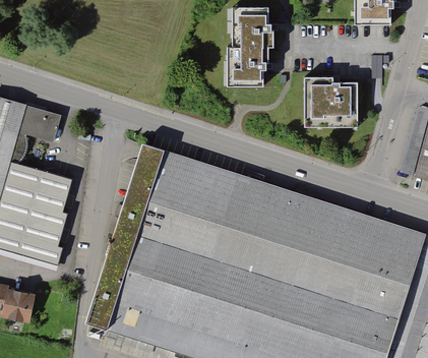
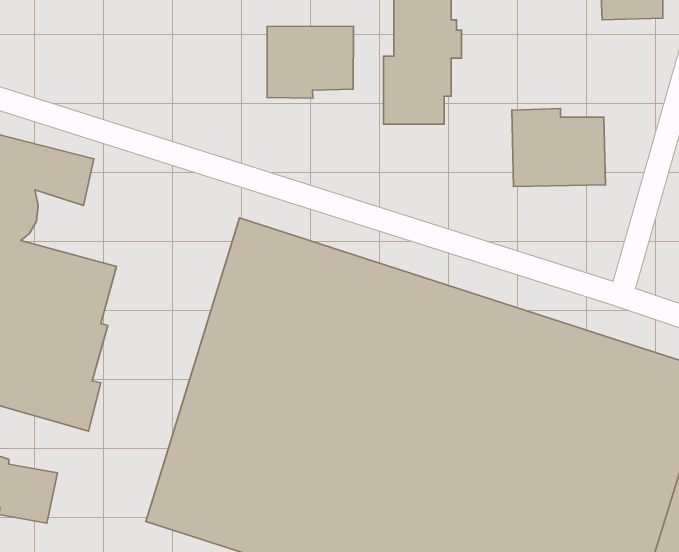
building: none -> [267,26,353,98]

